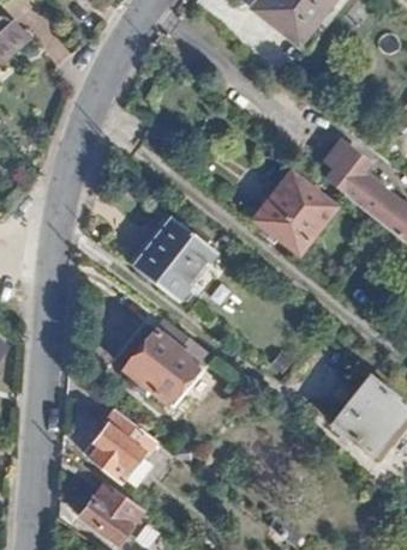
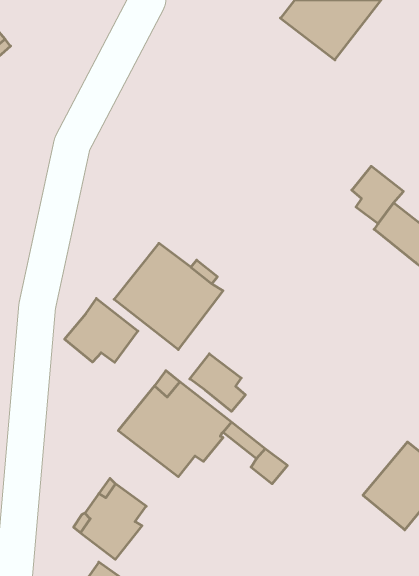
building: [255,174,334,254] -> none
building: none -> [65,298,138,362]
building: none -> [190,354,245,411]

